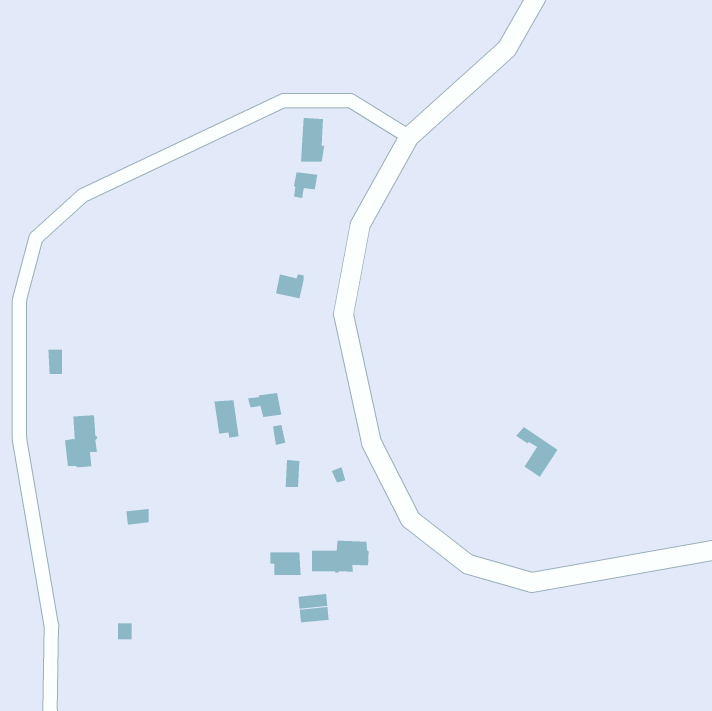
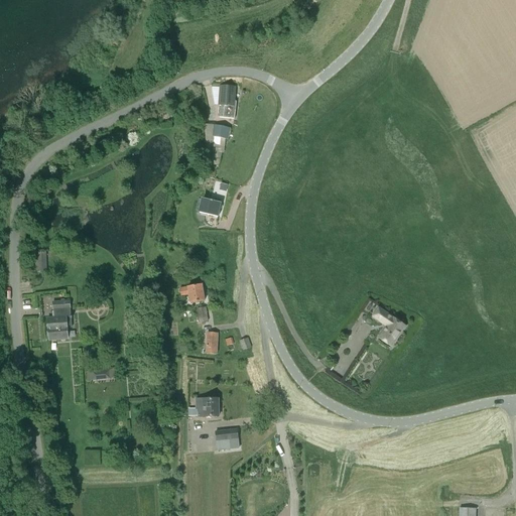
building: [214,400,239,438] -> none
building: [311,540,369,574] -> none

